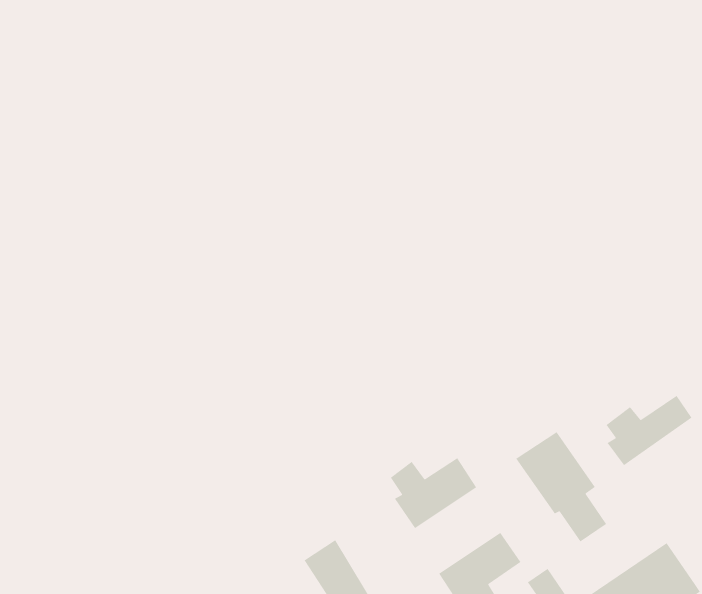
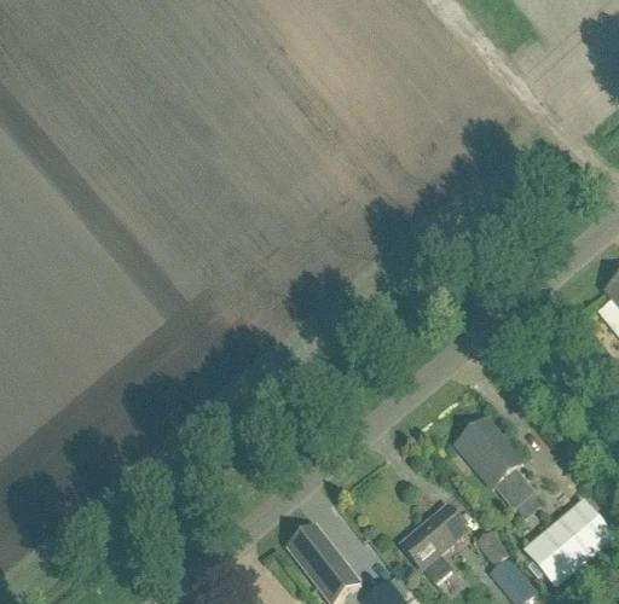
building: [605,395,693,466] -> none
building: [390,457,477,529] -> none

